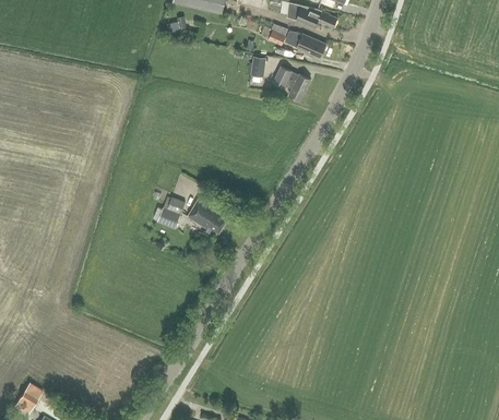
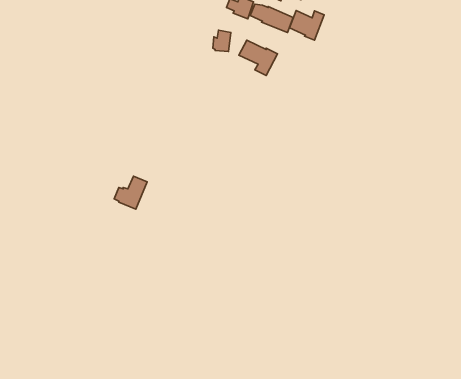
building: none -> [289,10,324,40]
building: [187,199,227,238] -> none

